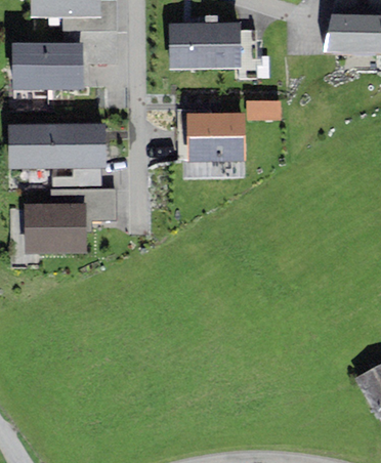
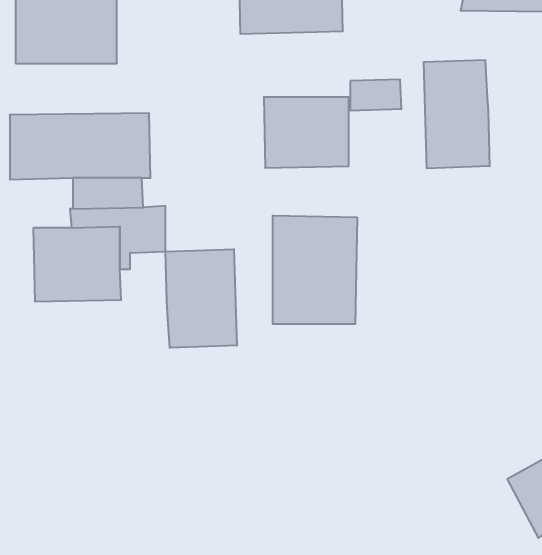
building: none -> [424,60,490,168]
building: none -> [273,215,357,324]
building: none -> [165,249,237,348]

